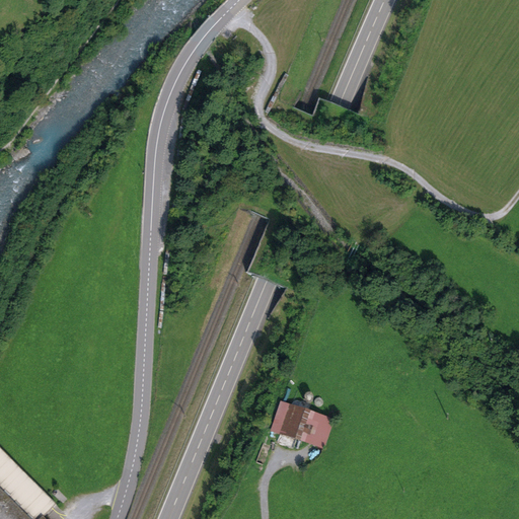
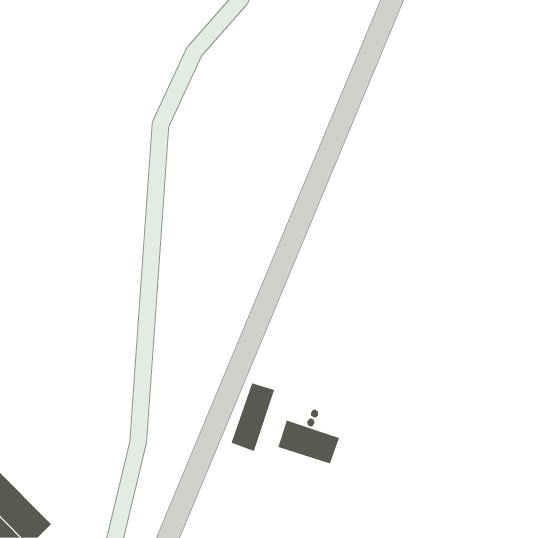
building: none -> [231,383,275,452]

